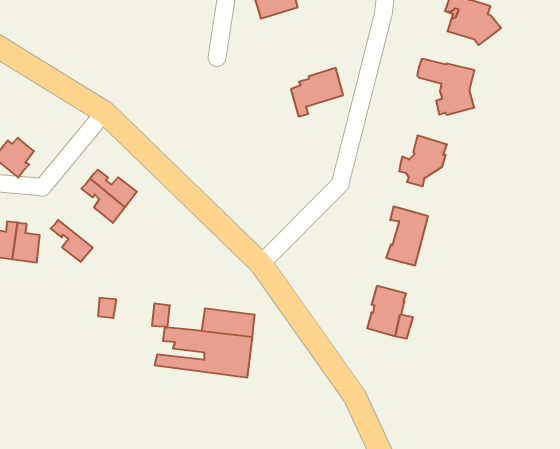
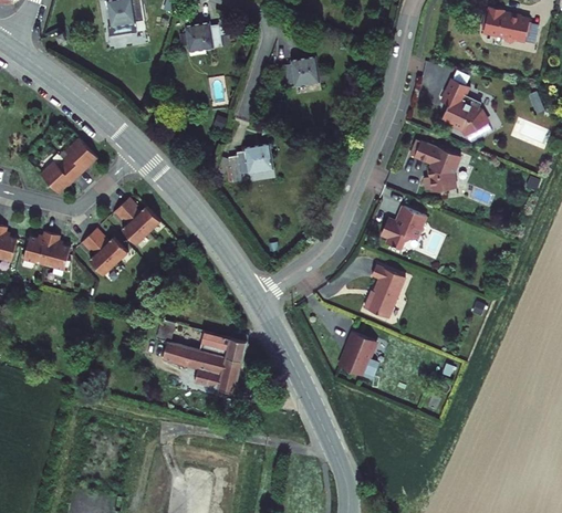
building: [291,68,343,116] -> [226,145,270,182]
building: none -> [61,140,95,176]
building: none -> [86,230,125,265]

